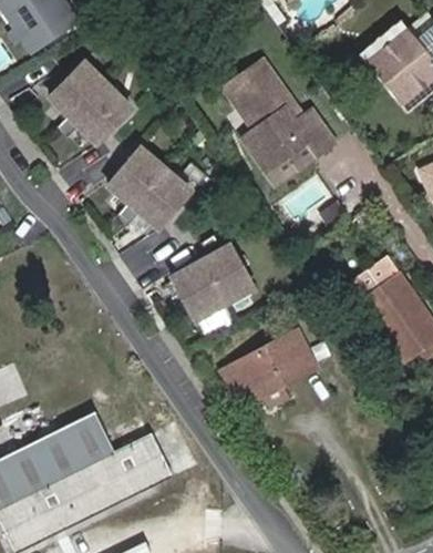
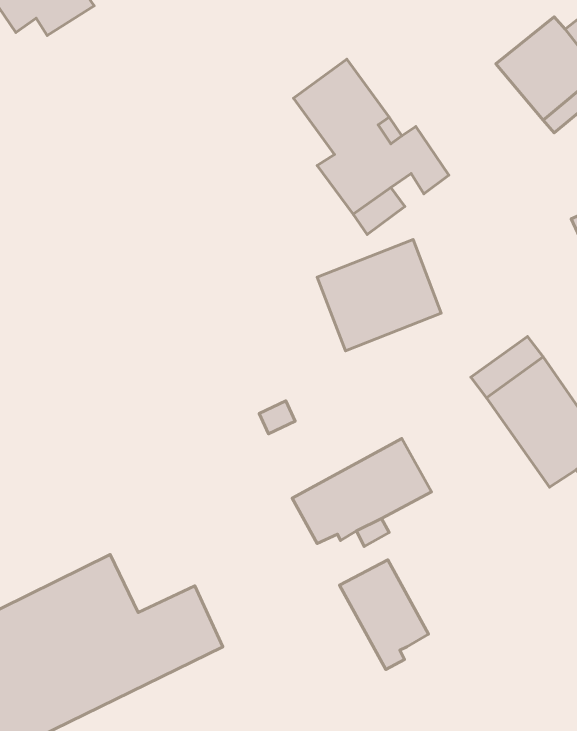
building: [37,47,130,141] -> none
building: [94,133,190,228] -> none
building: [159,235,247,314] -> [317,239,441,351]
building: none -> [339,560,428,670]

